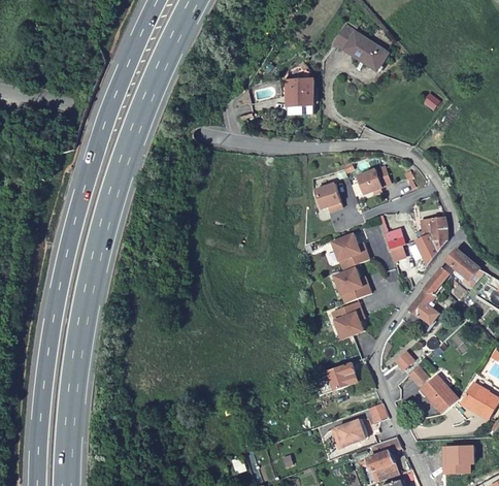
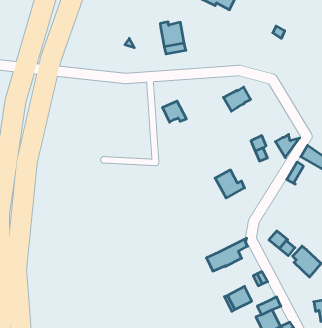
building: [313,185,342,210] -> [162,101,186,122]
building: [422,214,446,240] -> none
building: [332,235,368,270] -> none
building: [408,289,438,324] -> none
building: [332,304,368,341] -> none

